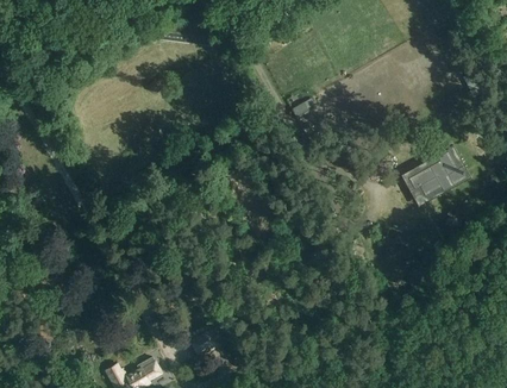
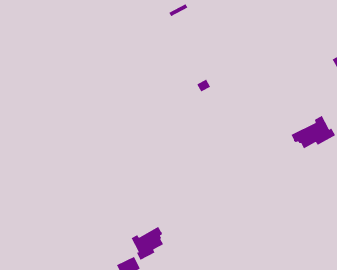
building: none -> [131,226,164,261]

